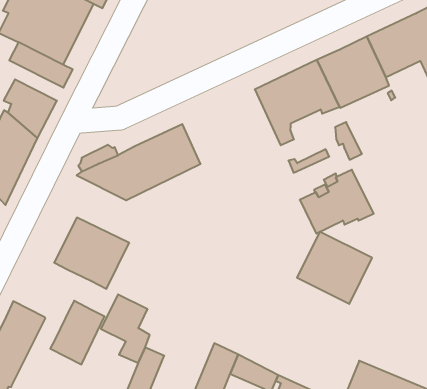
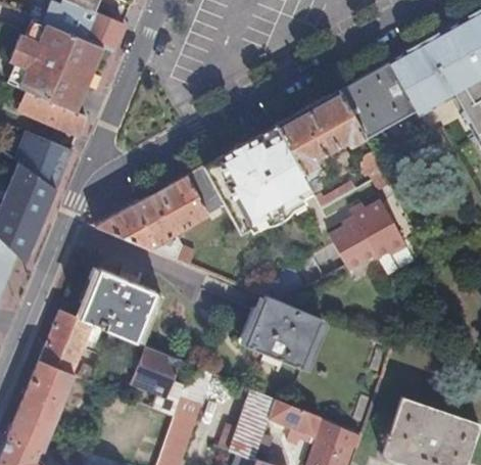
building: none -> [203,125,308,226]
building: [297,232,372,304] -> [245,295,322,368]
building: [50,301,105,364] -> [40,310,94,375]

